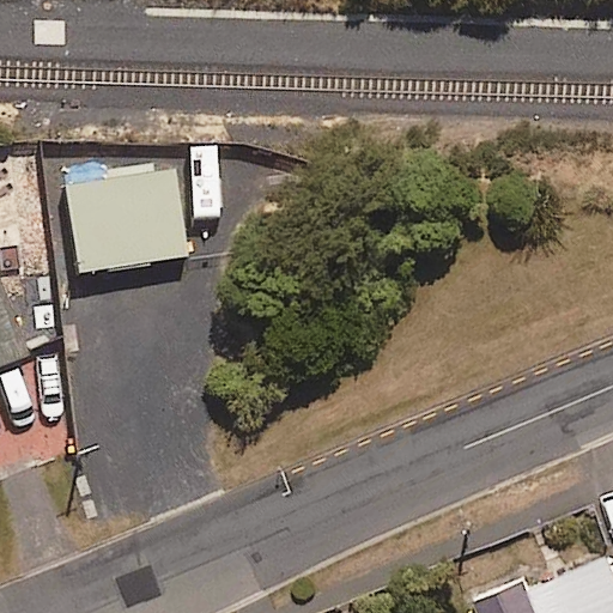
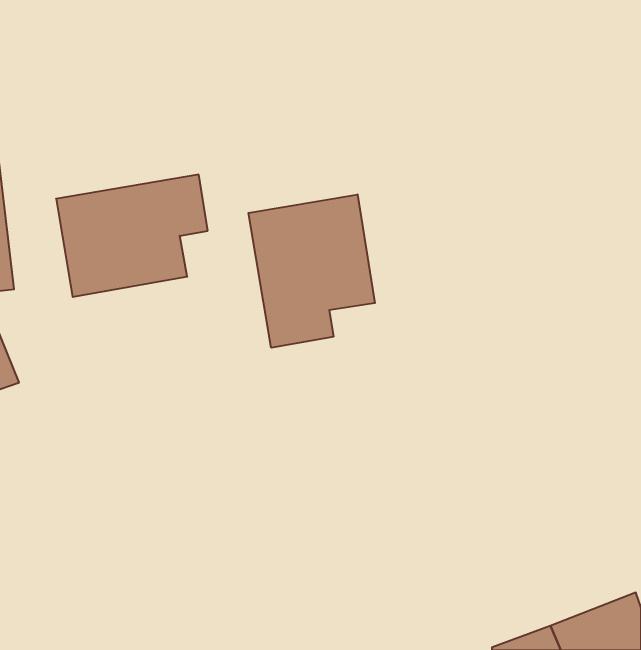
building: none -> [248,194,375,348]

